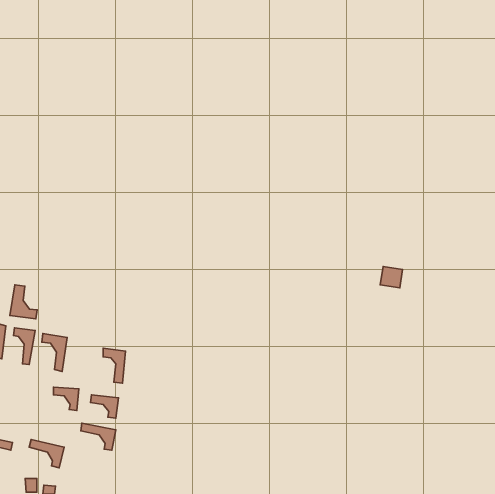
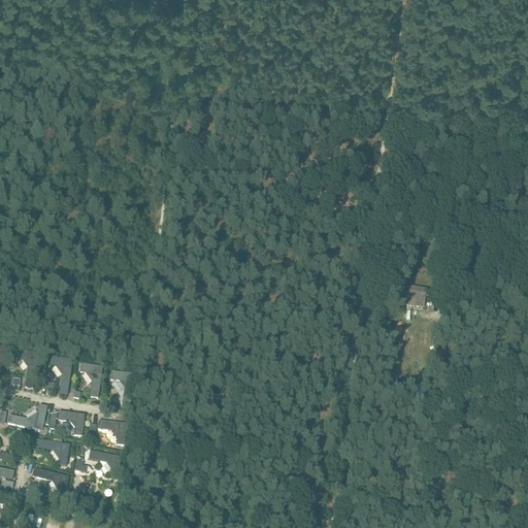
building: [10,285,37,319] -> none
building: none -> [78,362,101,396]
building: none -> [6,403,46,429]
building: none -> [32,437,68,464]

